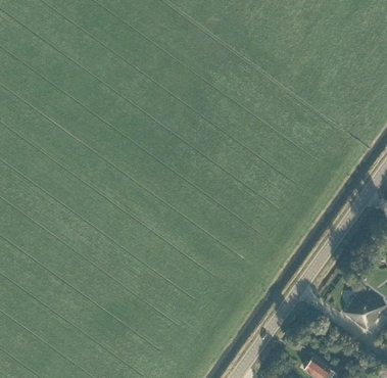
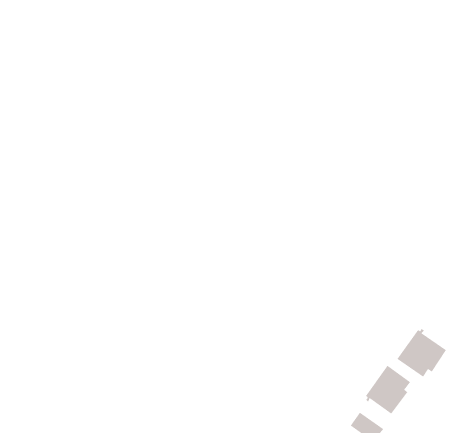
building: none -> [365,365,411,415]

